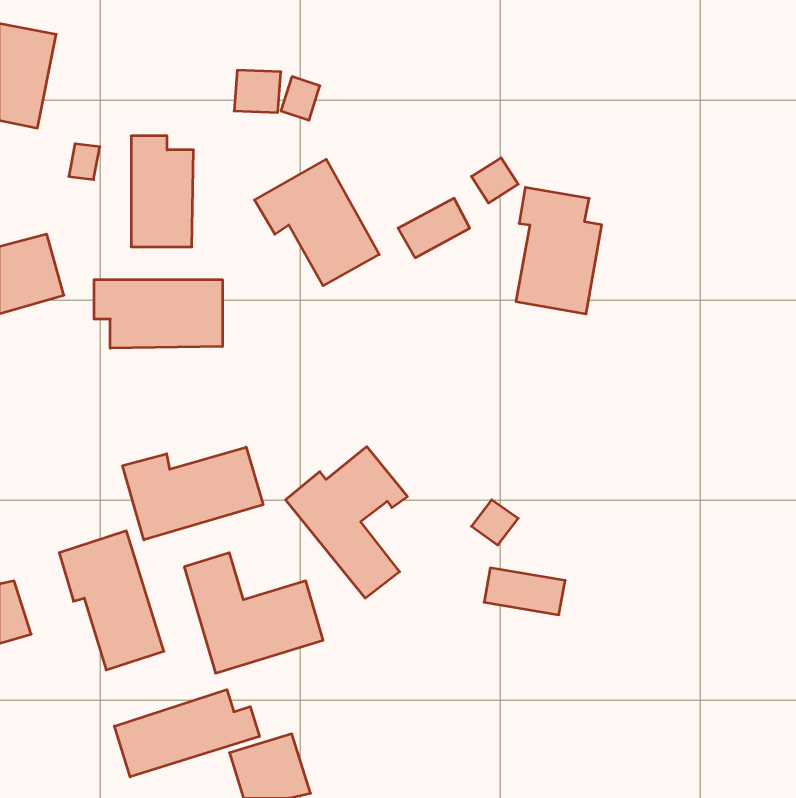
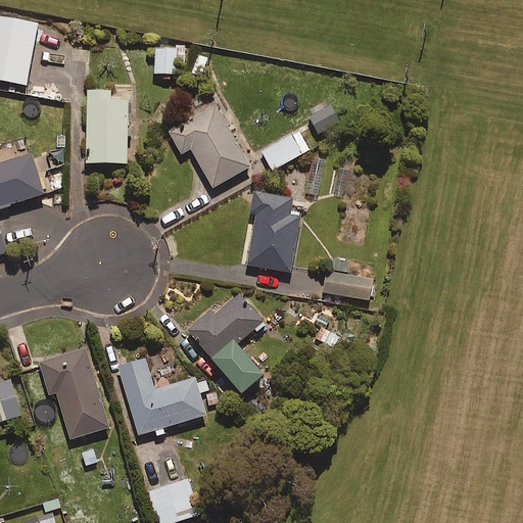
building: [516,187,602,314] -> [250,194,306,277]
building: [94,280,222,348] -> none
building: [123,447,263,540] -> none
building: [484,568,565,615] -> [325,274,378,304]
building: [114,690,259,777] -> none

